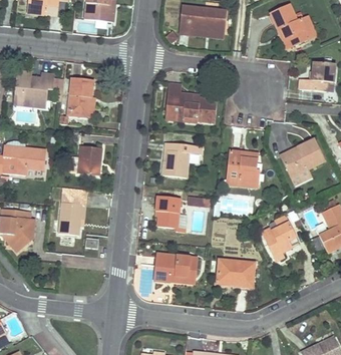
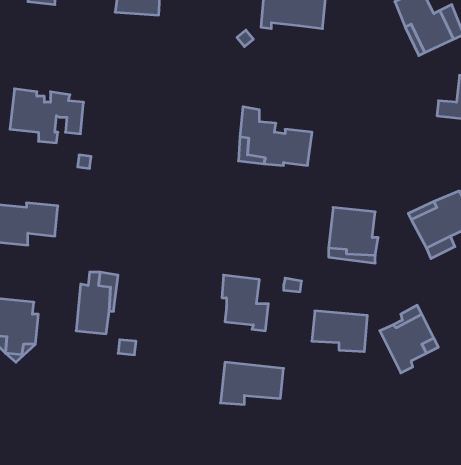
building: [68,76,93,115] -> none
building: [162,141,203,176] -> none
building: [77,144,102,173] -> none
building: [217,259,254,286] -> [312,311,367,352]

